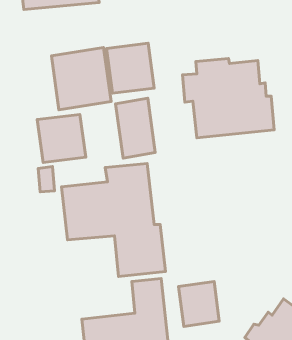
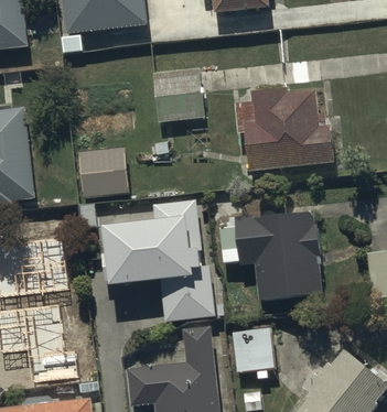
building: [51,47,111,110] -> none
building: [116,98,155,158] -> none
building: none -> [219,210,325,304]

